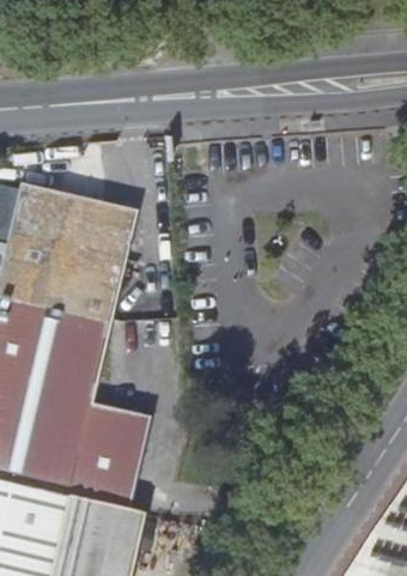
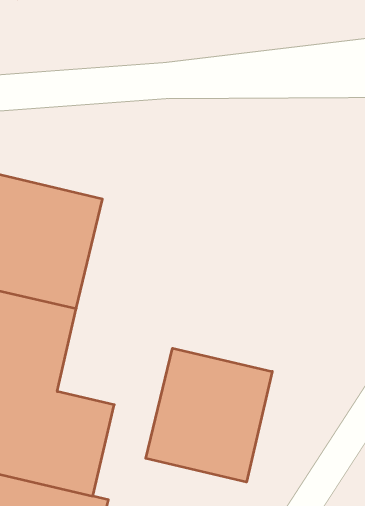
building: none -> [146,348,272,482]

